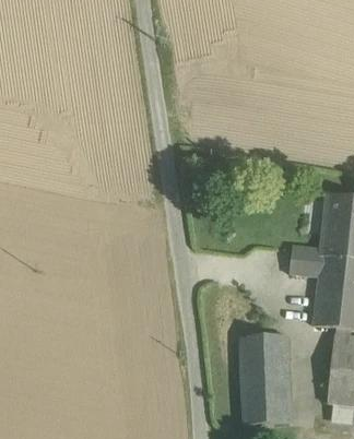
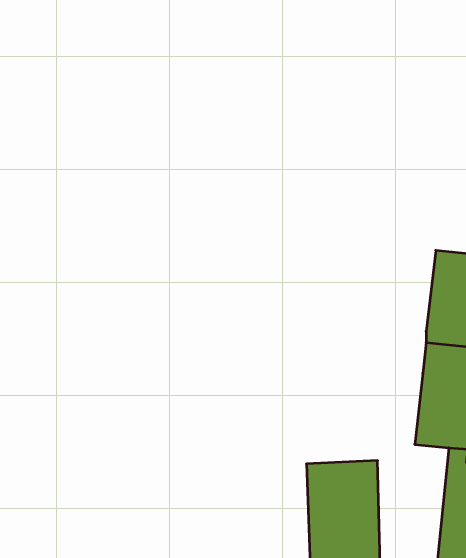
building: [288,244,320,275] -> none

